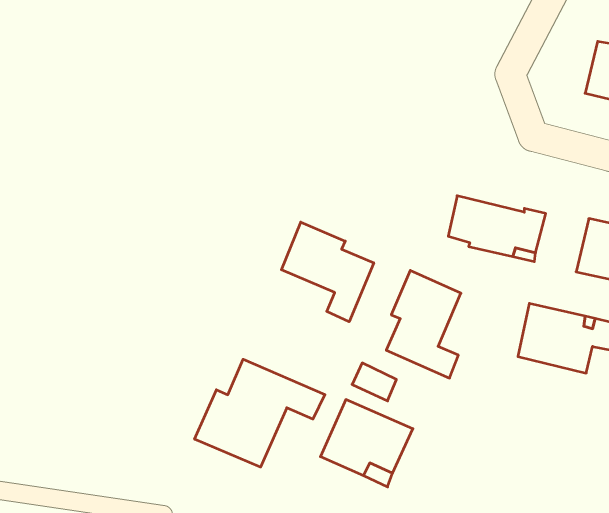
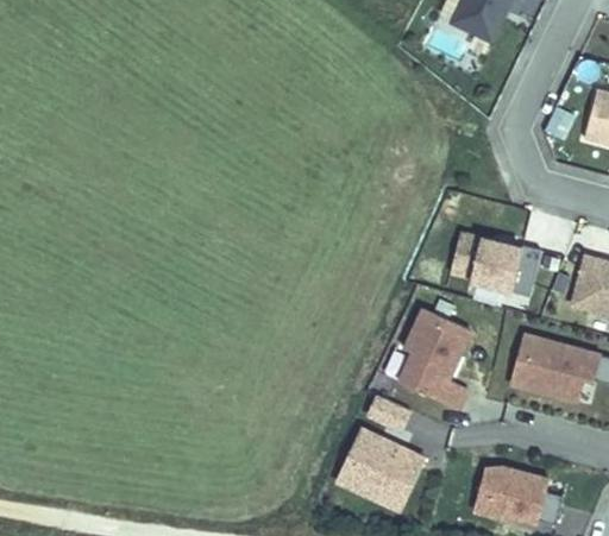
building: [281,222,374,322] -> none
building: [195,359,325,467] -> none
building: none -> [486,466,576,523]

